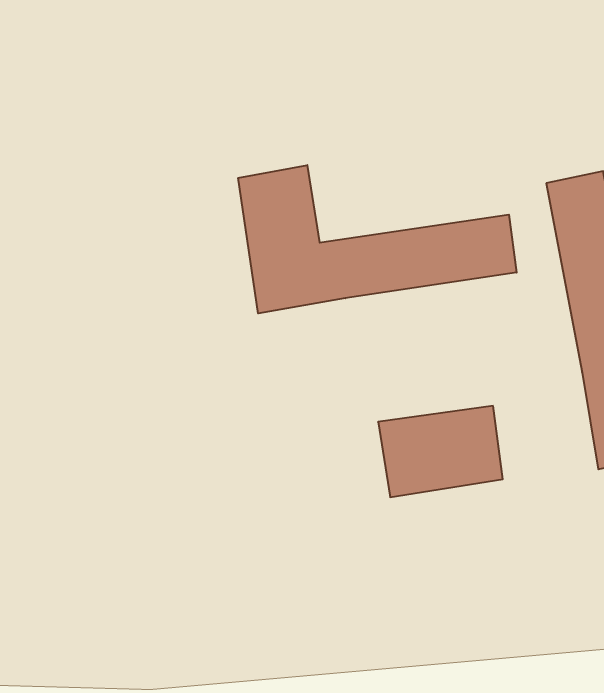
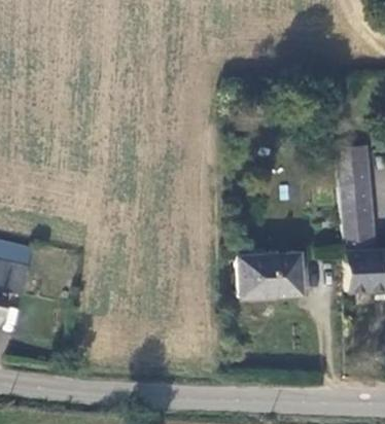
building: [238,165,517,313] -> none

